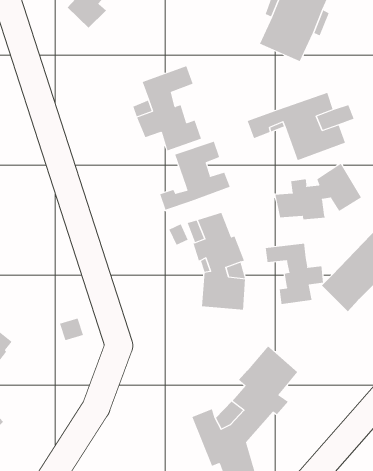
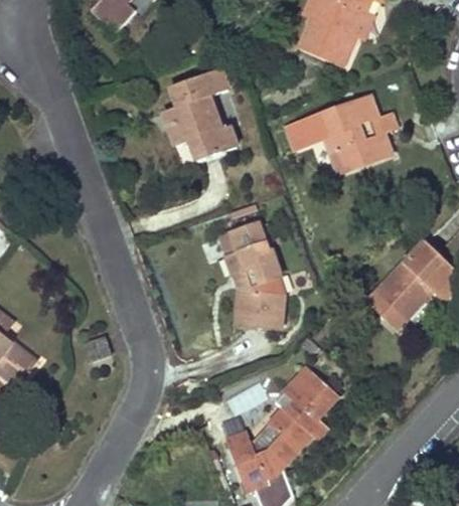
building: [159,141,230,211] -> none
building: [275,163,362,220] -> none
building: [265,243,323,305] -> none

